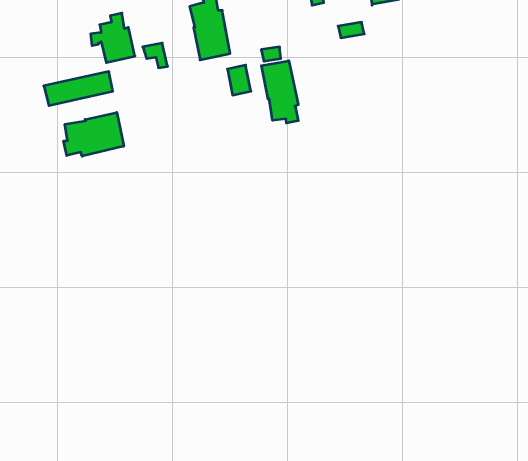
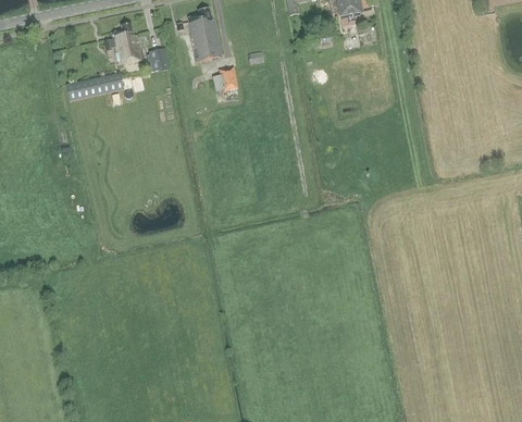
building: [261,61,298,123] -> none
building: [64,112,124,156] -> none

